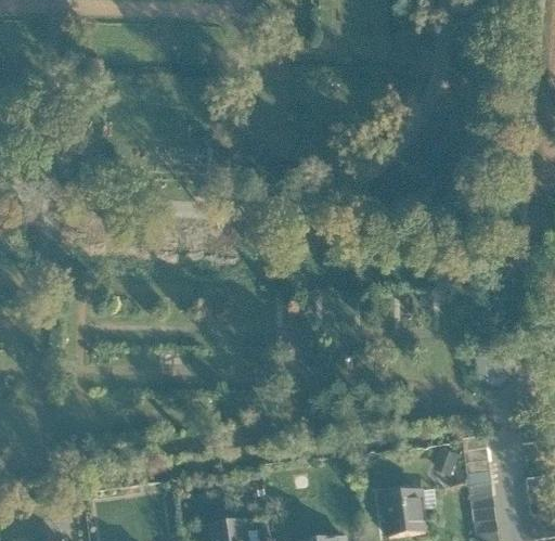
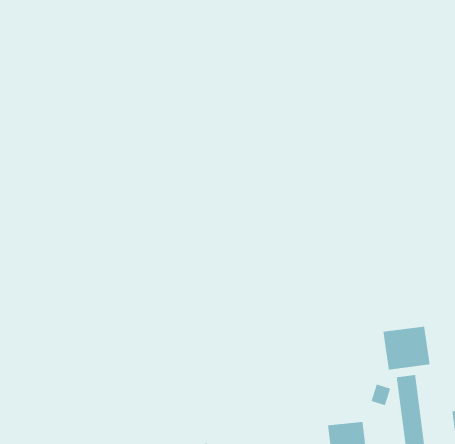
building: none -> [382,326,431,371]

